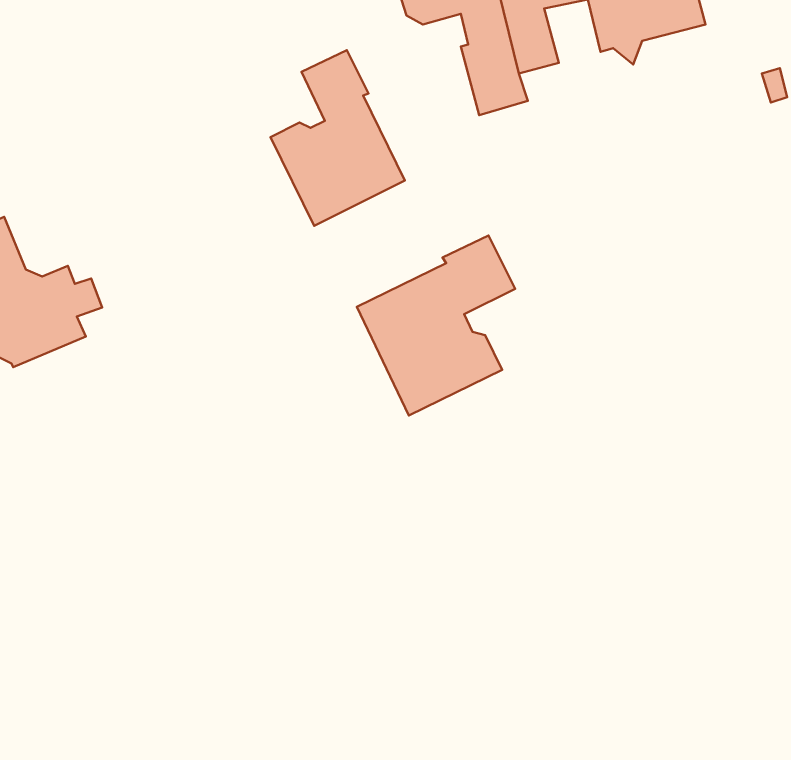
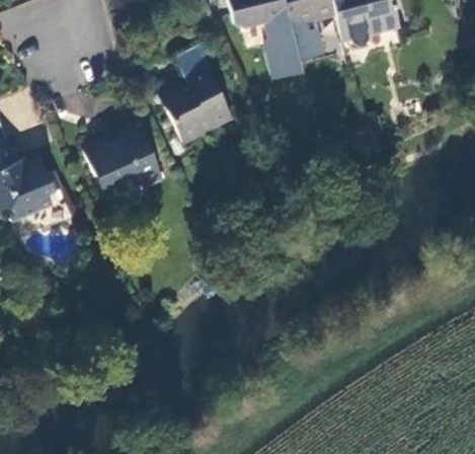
building: none -> [84,123,163,196]
building: [357,235,515,415] -> none

